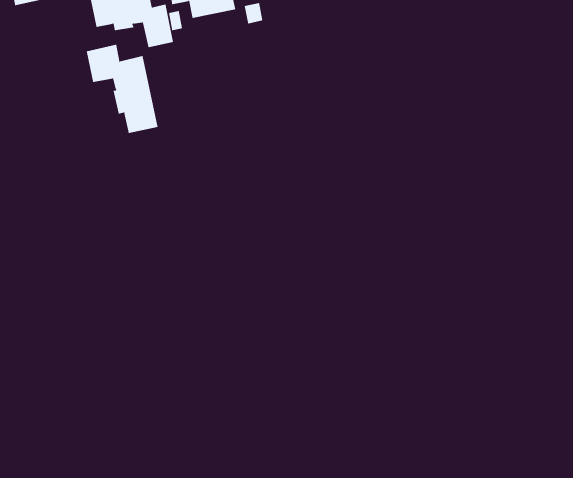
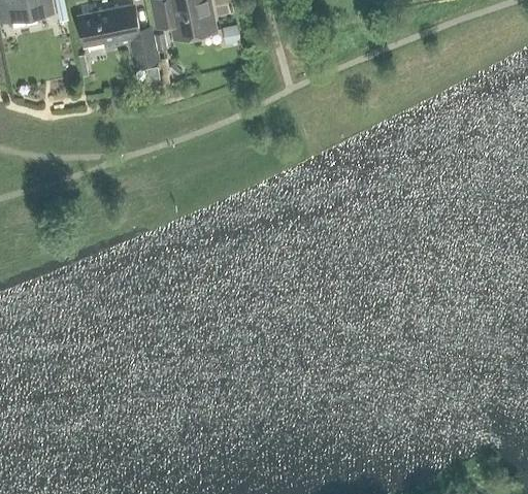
building: [86,44,158,134] -> none

